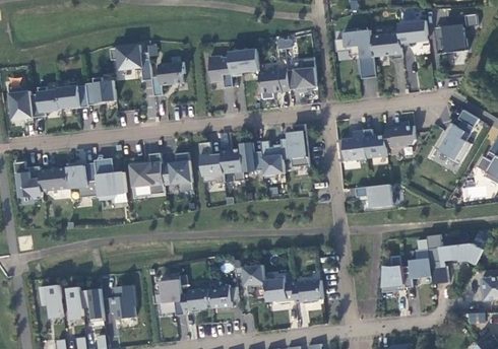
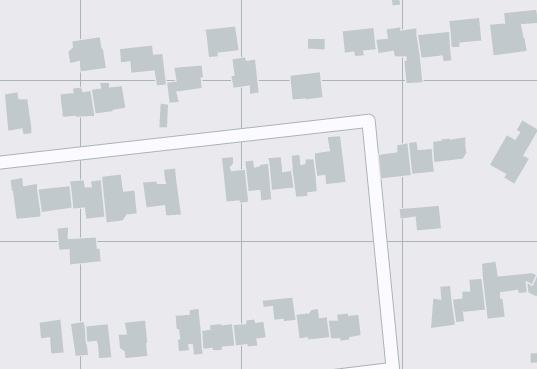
building: none -> [68,37,106,72]
building: [229,49,259,76] -> [205,26,239,58]
building: [287,67,317,92] -> [342,28,377,57]
building: [30,86,60,117] -> none
building: [161,151,193,191] -> none
building: none -> [57,227,101,265]

